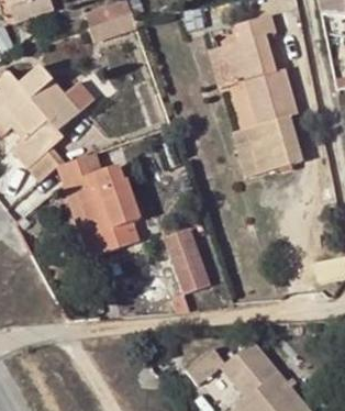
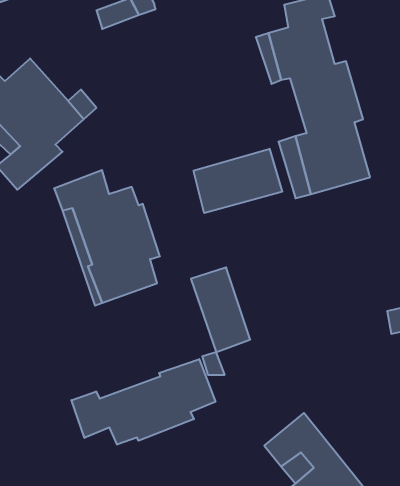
building: none -> [194,149,282,213]
building: none -> [71,359,215,445]

